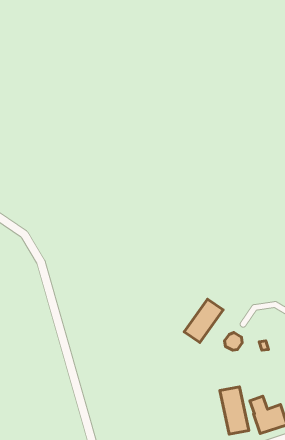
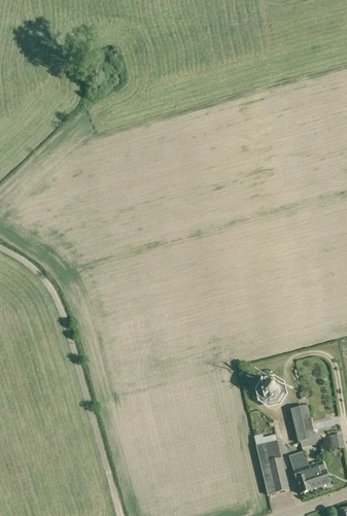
building: [184,299,223,343] -> none
building: none -> [290,404,316,441]

